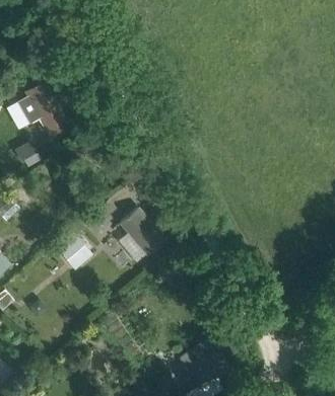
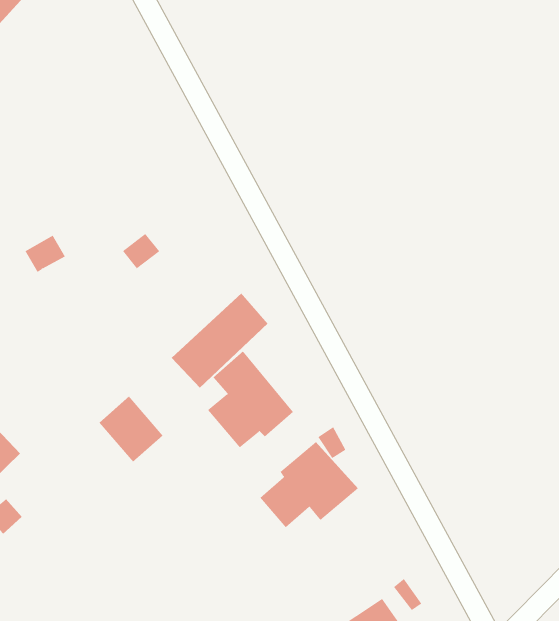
building: [16,82,68,136] -> none
building: none -> [260,441,359,528]

